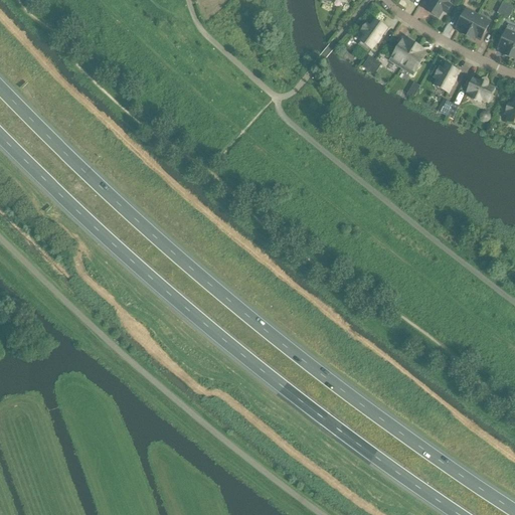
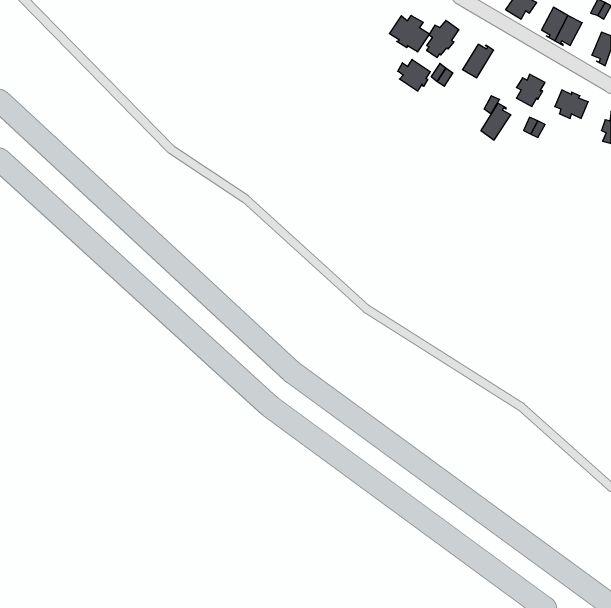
building: none -> [389,15,429,52]
building: [400,42,425,73] -> [481,103,511,140]
building: none -> [398,59,430,91]

